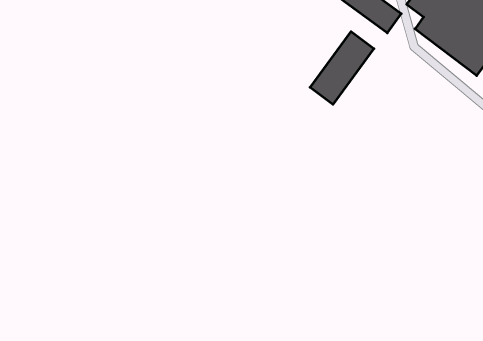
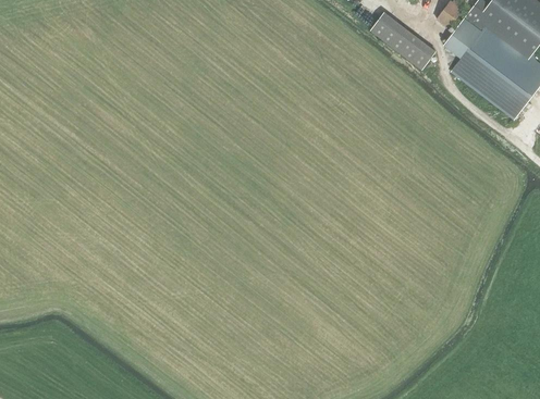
building: [310,32,374,104] -> none

